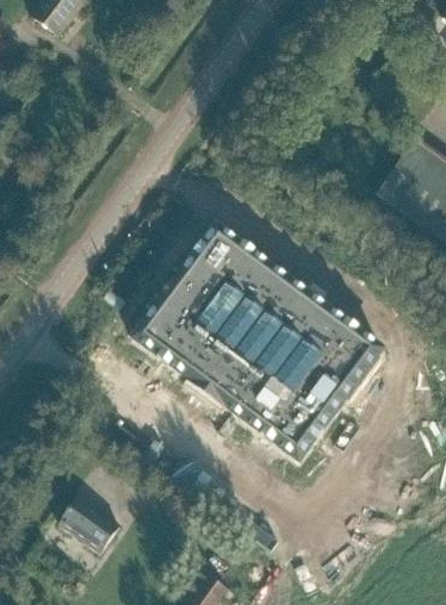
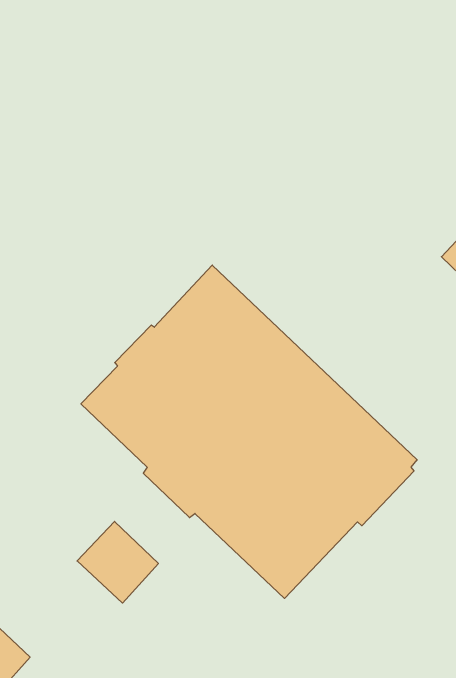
building: none -> [77,521,158,603]

